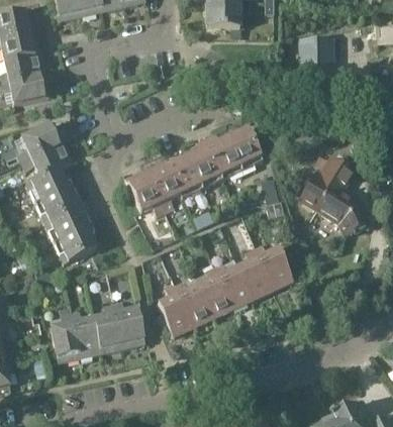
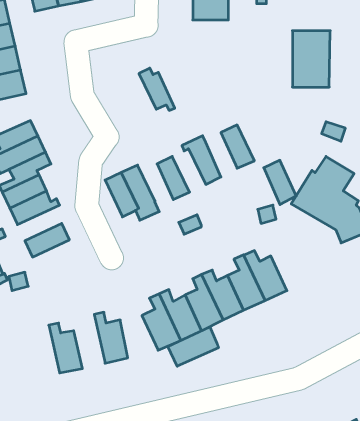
building: [216,132,247,174] -> [264,160,296,205]
building: [186,147,217,188] -> none
building: [154,157,187,197] -> [139,68,175,110]
building: [41,200,87,233] -> none
building: [56,232,97,263] -> none
building: [94,302,123,352] -> none
building: [51,312,81,361] -> none
building: none -> [168,327,218,366]

